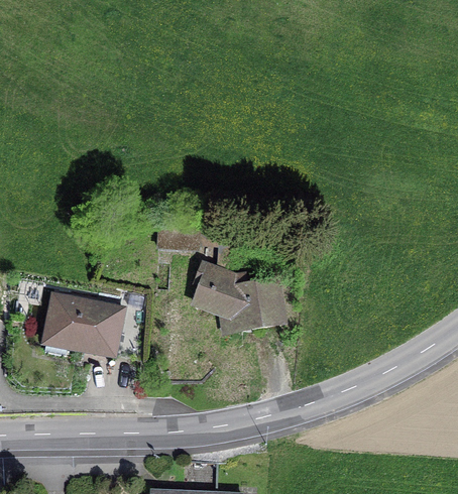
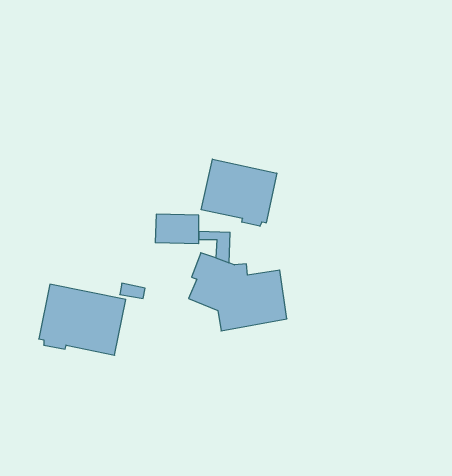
building: none -> [201,159,277,226]

